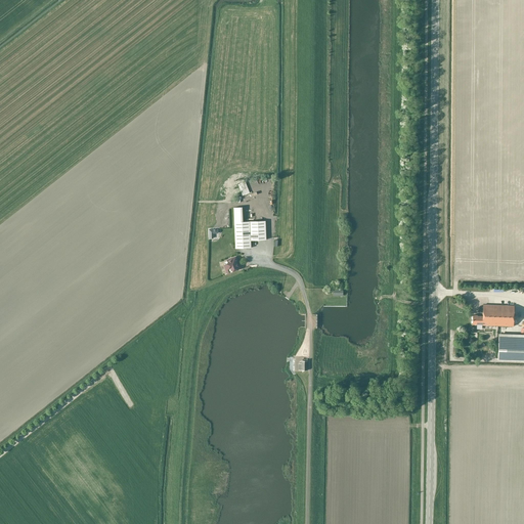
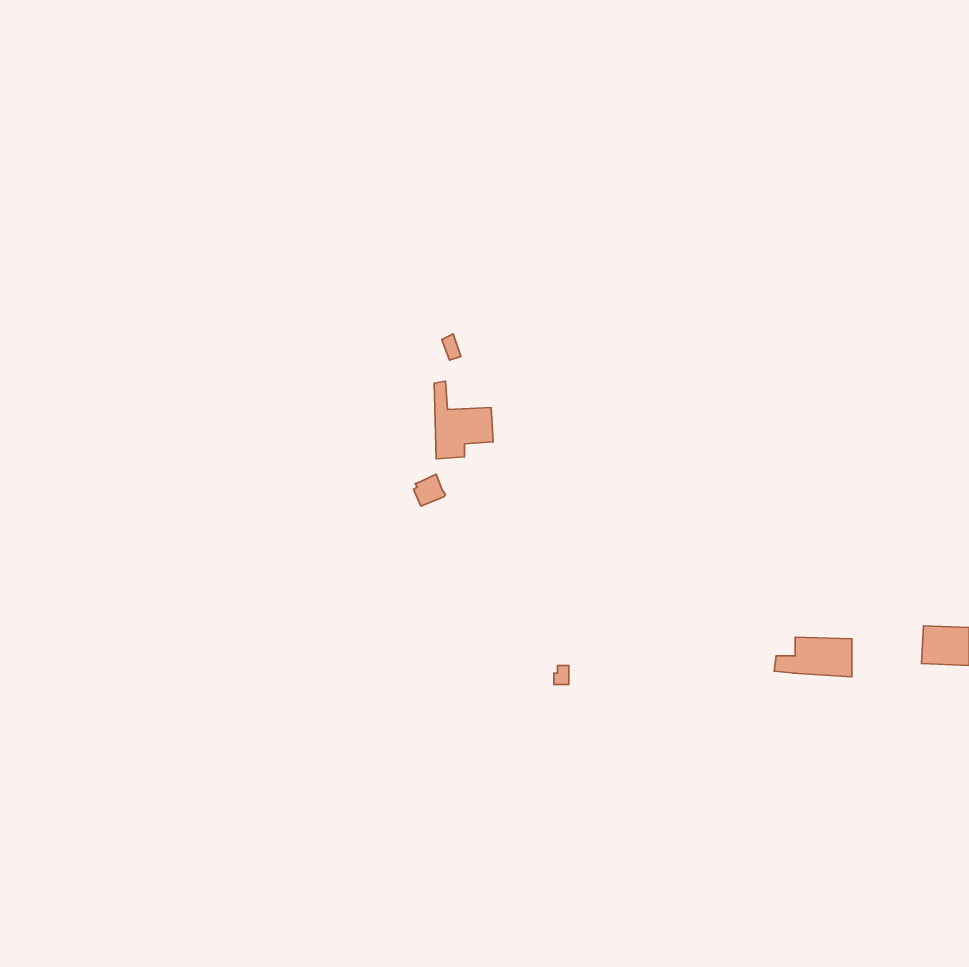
building: [472,304,514,325] -> [774,637,852,677]

